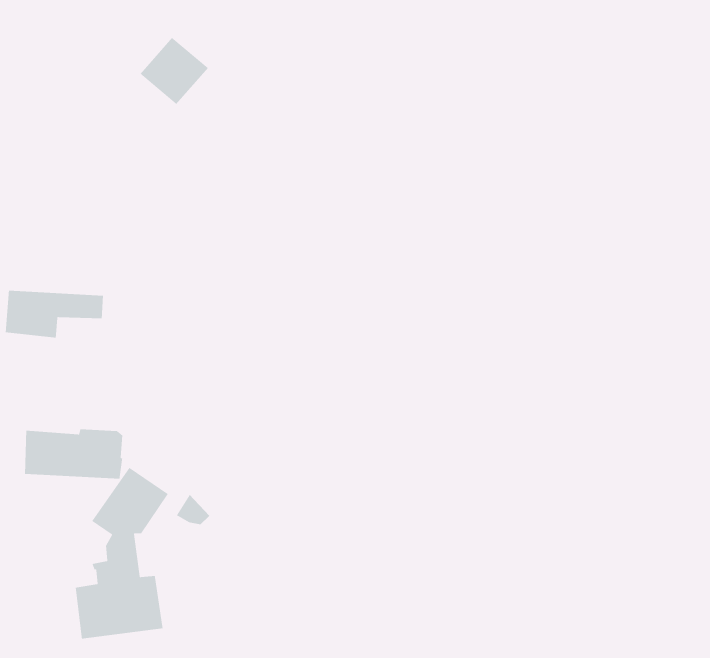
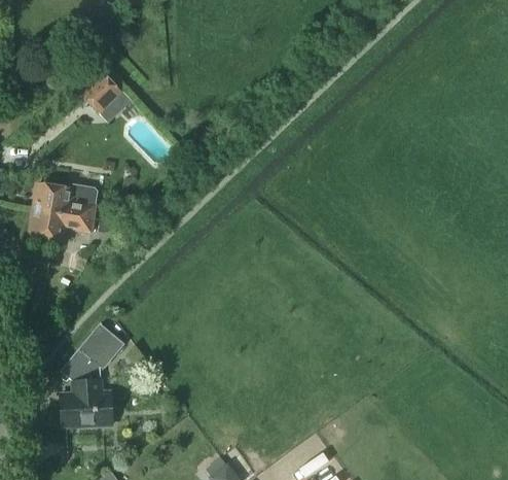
building: [139,37,209,105] -> [81,71,123,112]
building: [24,429,123,480] -> [36,182,98,217]

